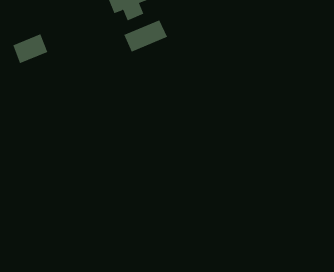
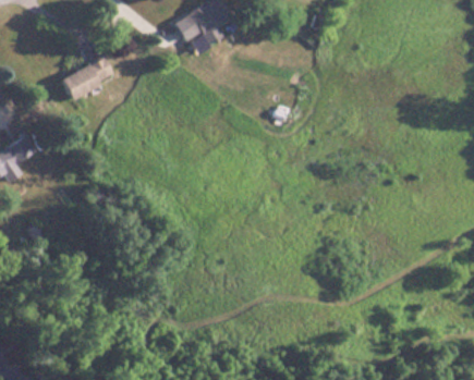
building: [123,19,168,52] -> none

